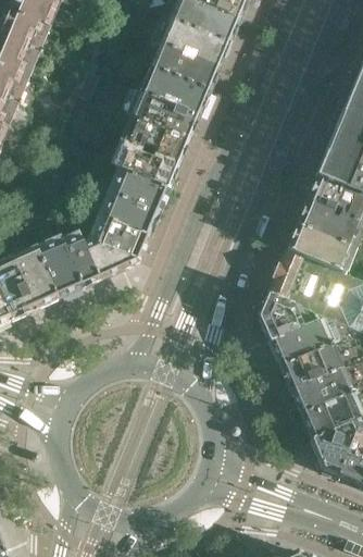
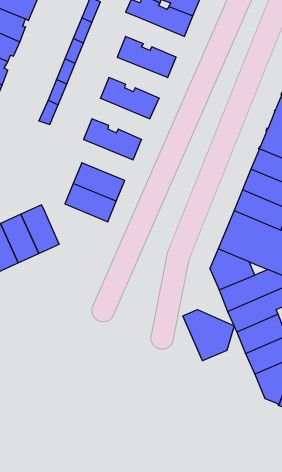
building: [162,18,230,66] -> none
building: [142,66,211,114] -> none
building: [123,114,190,162] -> none
building: [111,165,171,210] -> none
building: [66,235,141,284] -> none
building: none -> [183,310,234,361]

